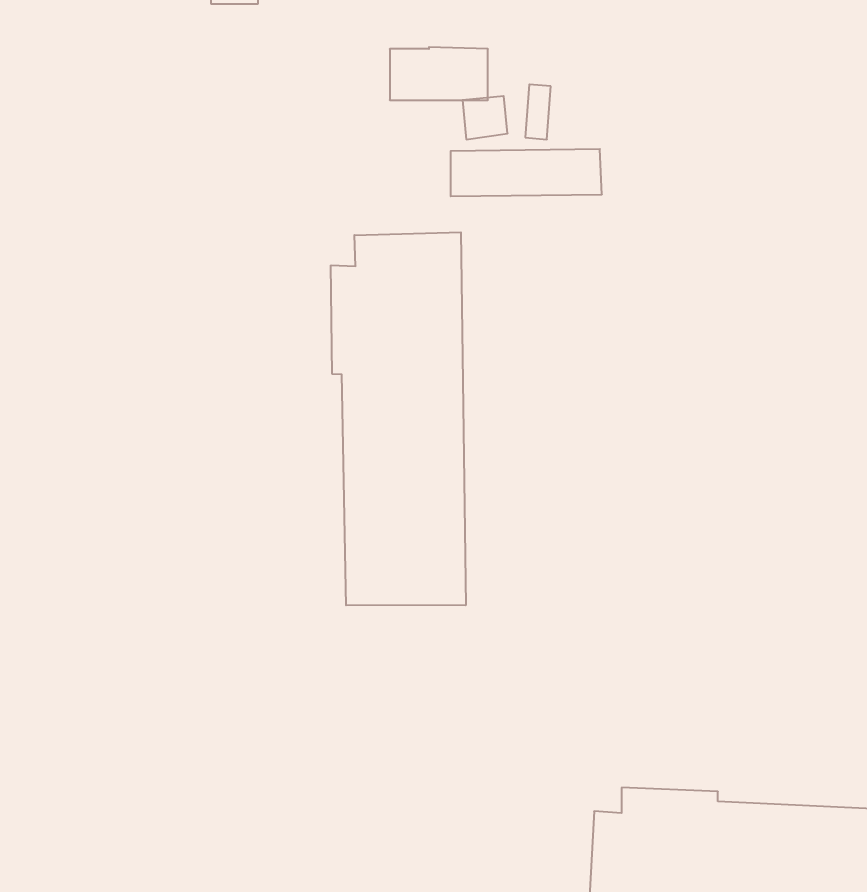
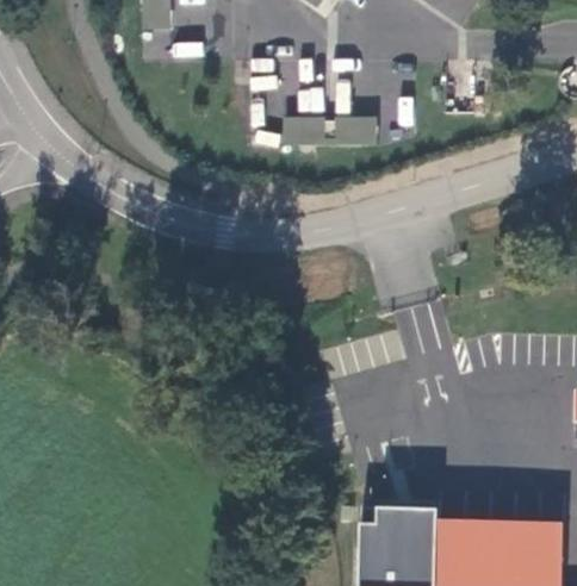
building: [331,232,466,605] -> none

